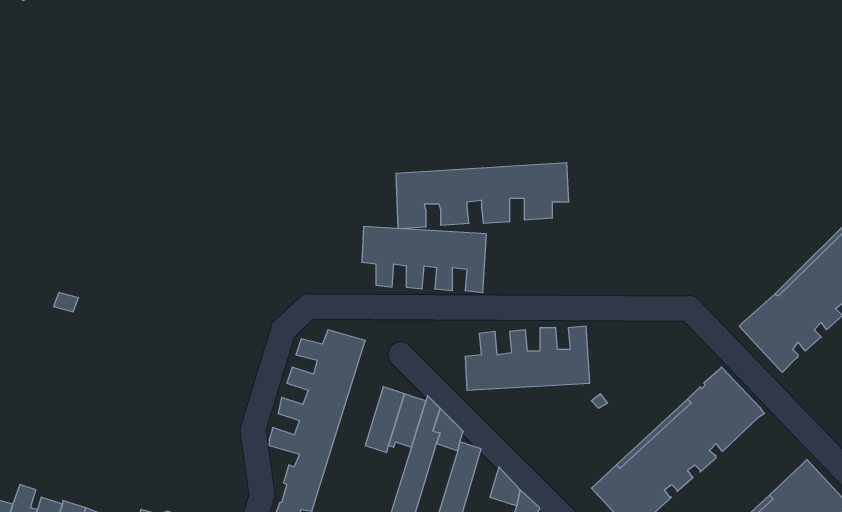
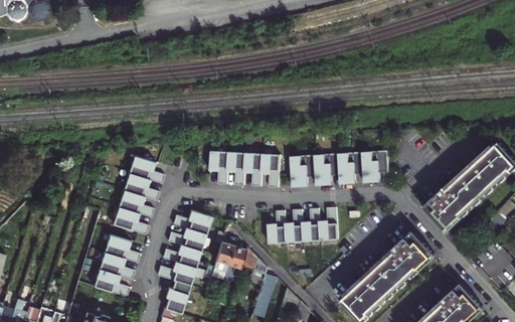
building: [396,163,569,229] -> [291,150,388,187]
building: none -> [112,155,164,233]
building: none -> [93,233,139,295]

